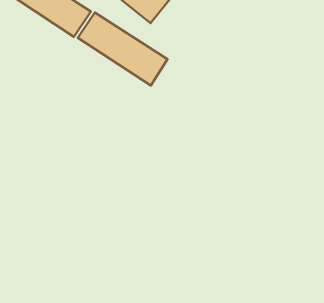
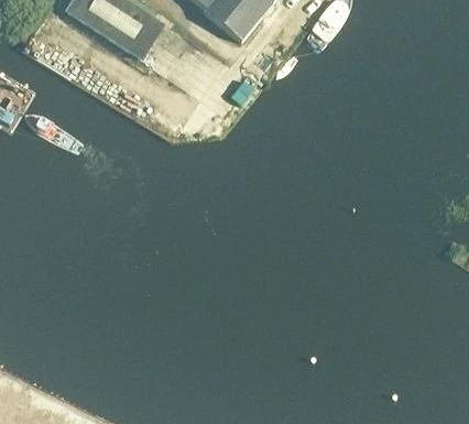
building: [78,13,168,86] -> none

